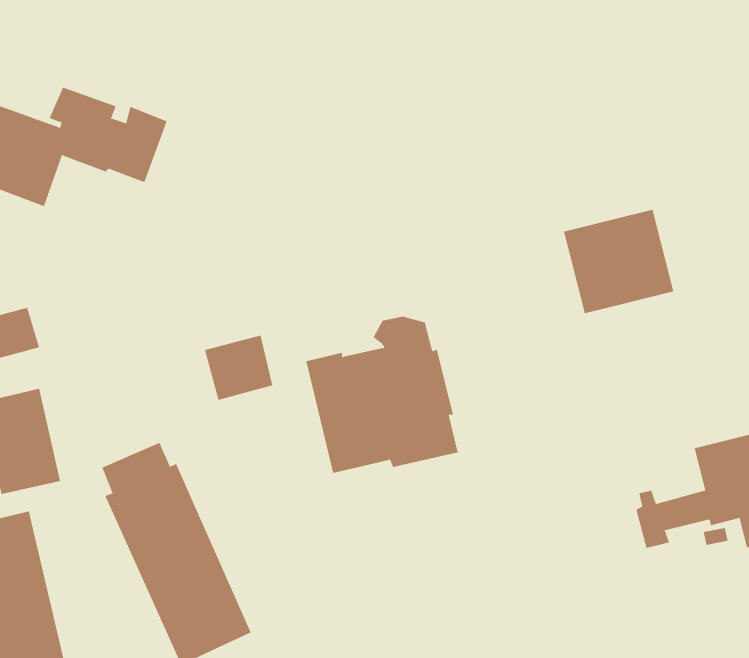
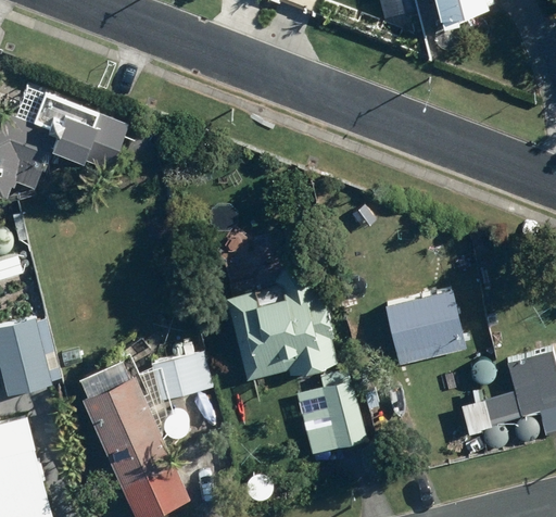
building: [563,209,674,314] -> [384,289,465,365]
building: [204,335,273,401] -> [153,354,203,402]
building: none -> [294,369,367,457]

